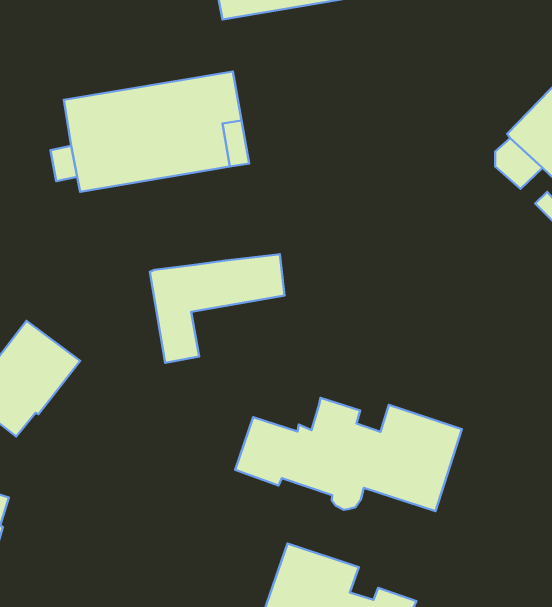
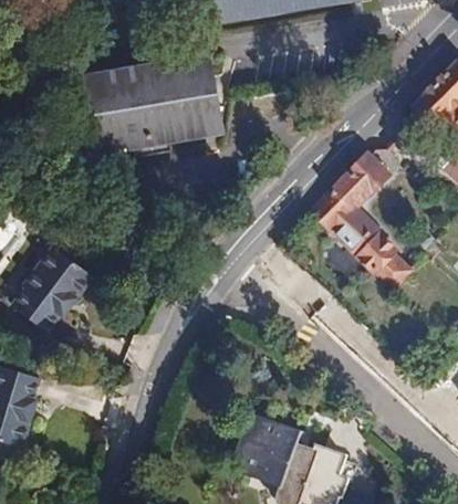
building: none -> [312,153,413,291]
building: [150,254,284,363] -> none
building: [235,398,462,511] -> none

